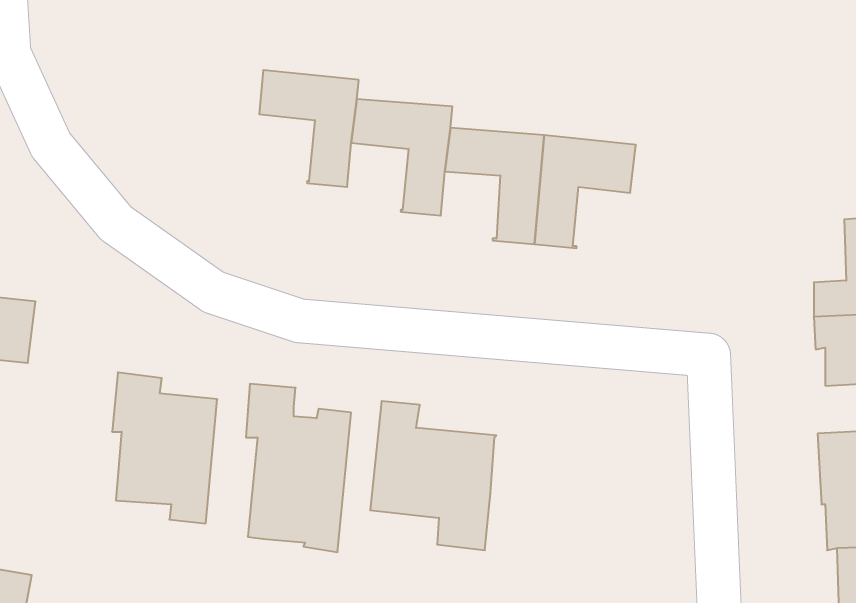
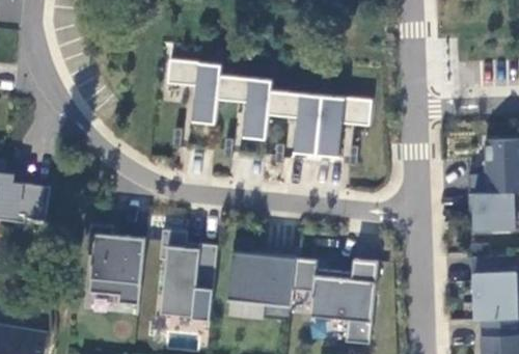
building: none -> [293,260,377,345]

